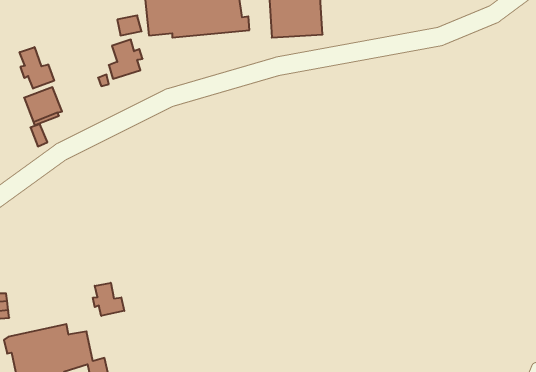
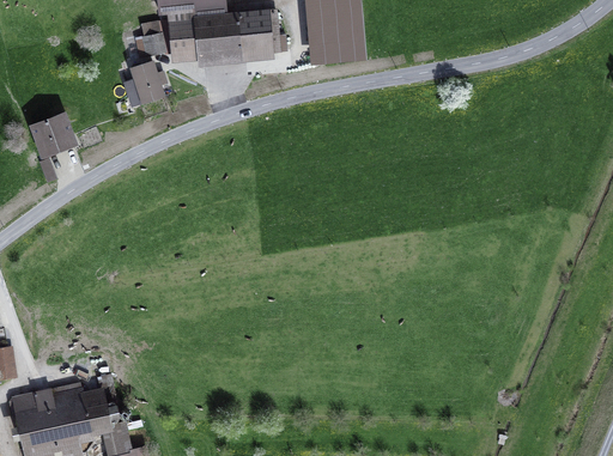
building: [20,47,54,89] -> none
building: [93,283,124,316] -> none

